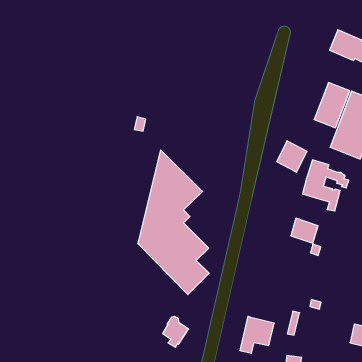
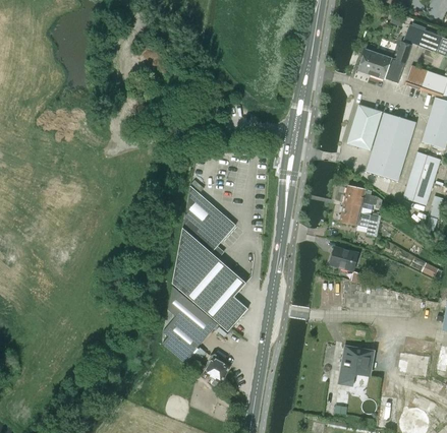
building: [277,141,307,172] -> none
building: none -> [162,286,217,368]
building: [240,316,274,353] -> [339,347,373,384]

